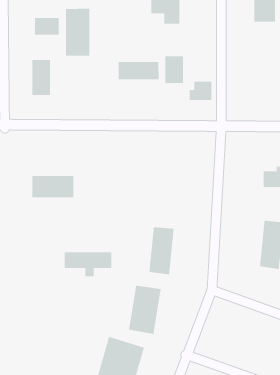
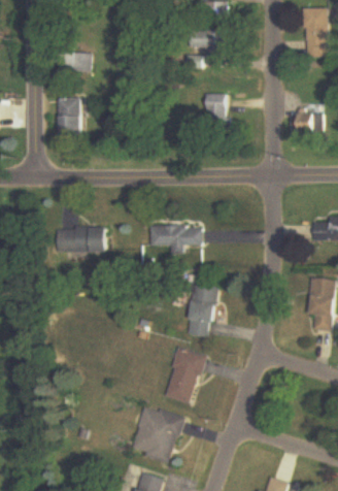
building: [65,8,90,56] -> none
building: [118,61,159,80] -> none
building: [189,81,212,101] -> [291,113,316,135]
building: [64,252,112,277] -> [147,226,201,254]

